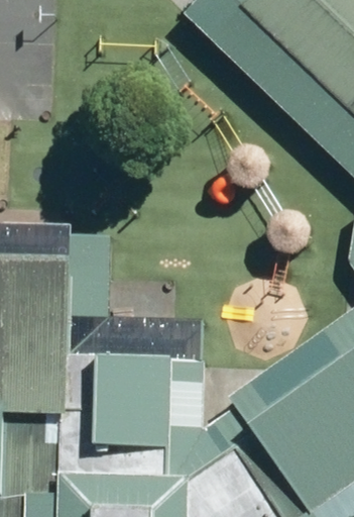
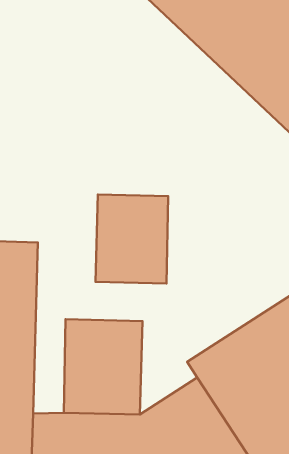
building: none -> [95,194,168,283]

